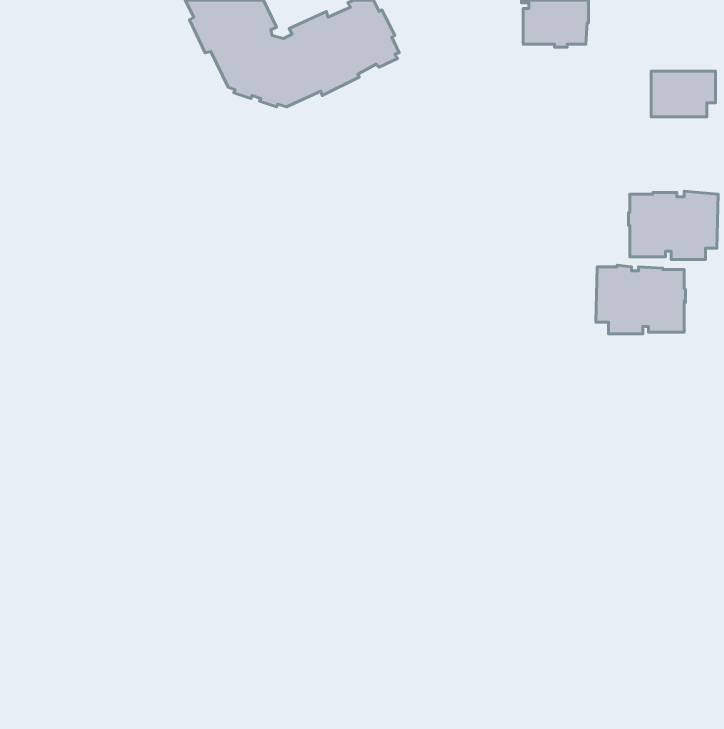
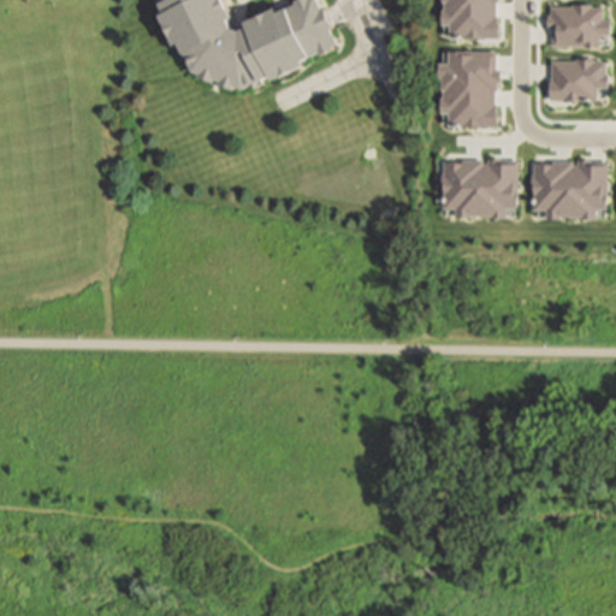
building: none -> [551,6,605,46]
building: none -> [438,52,496,128]
building: [596,265,686,334] -> [439,158,515,215]

